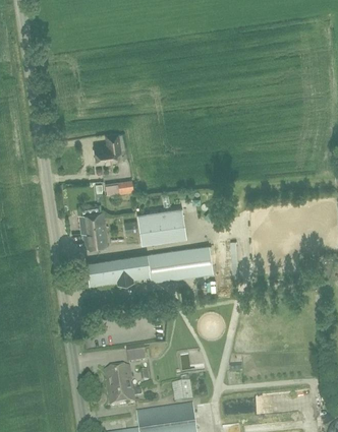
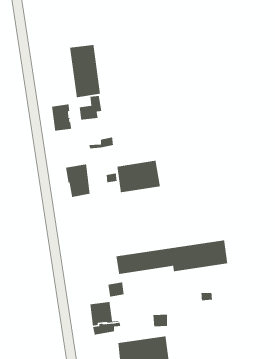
building: none -> [69,44,101,98]
building: none -> [51,104,73,138]
building: [86,245,213,285] -> [116,240,228,275]

